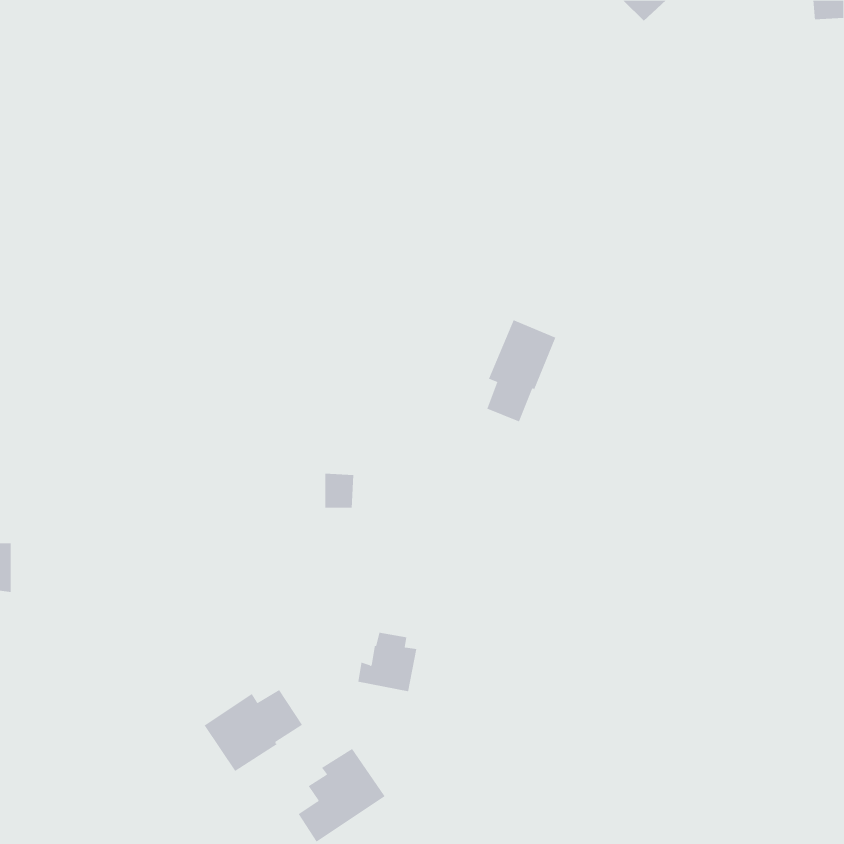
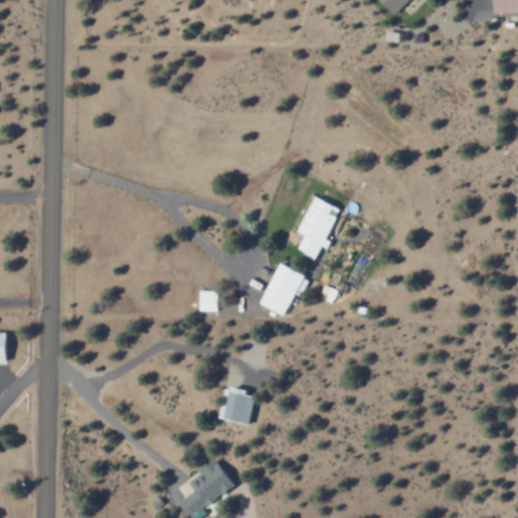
building: none -> [260,263,305,316]
building: [204,689,303,772] -> none

